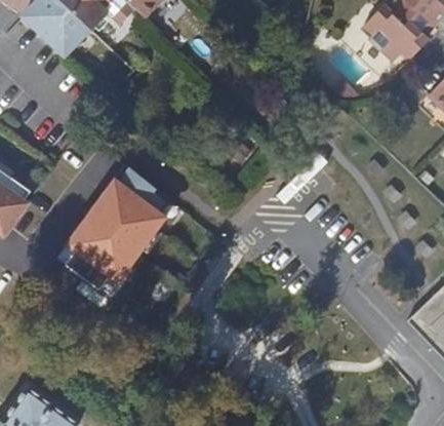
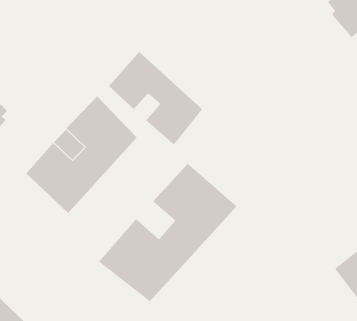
building: none -> [108,51,203,146]
building: none -> [98,163,238,302]

